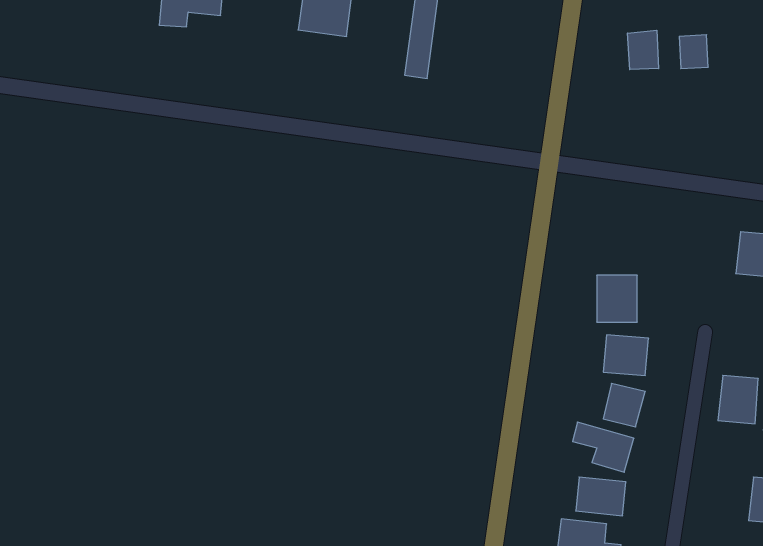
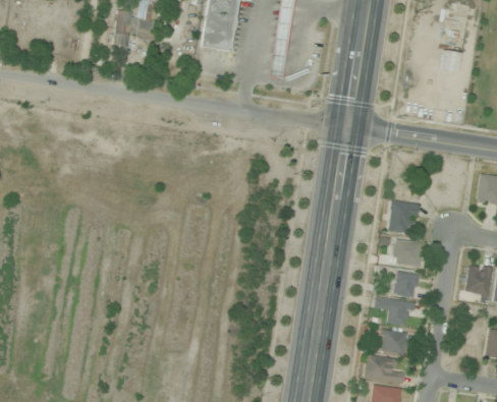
building: [628,30,659,70] -> none

